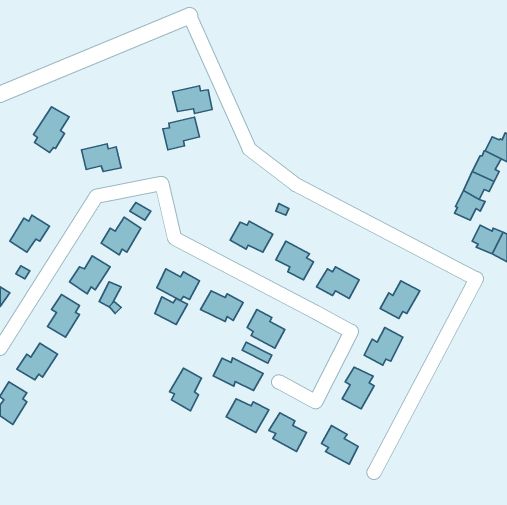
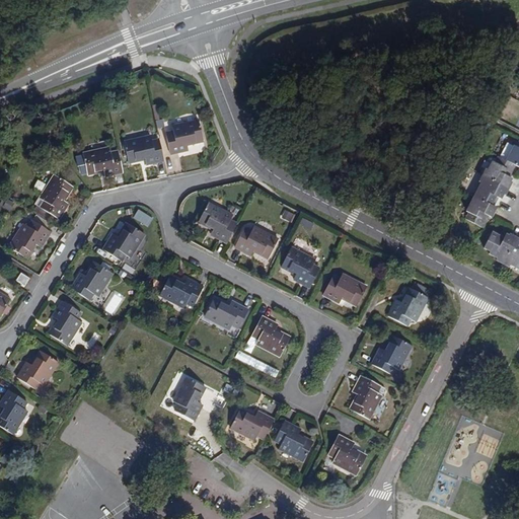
building: [173,86,212,114] -> [124,135,164,163]
building: [34,107,69,152] -> [36,175,73,222]
building: none -> [199,202,238,241]
building: [155,297,188,325] -> none
building: [213,358,263,390] -> none

